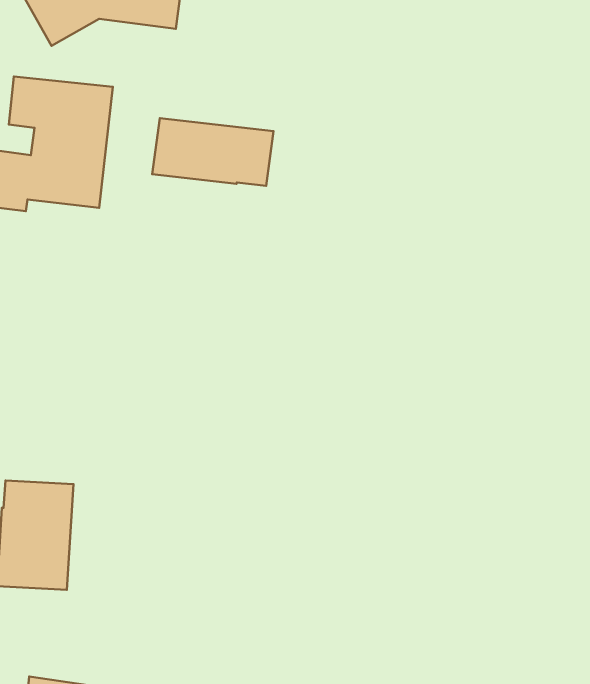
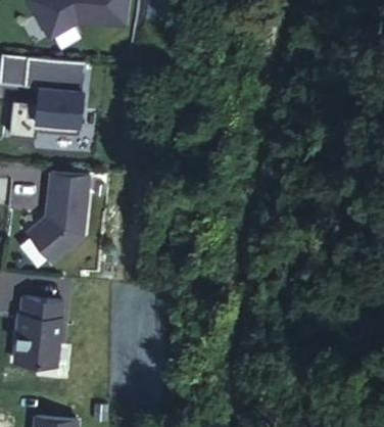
building: [152,118,273,186] -> none
building: none -> [29,172,91,263]

